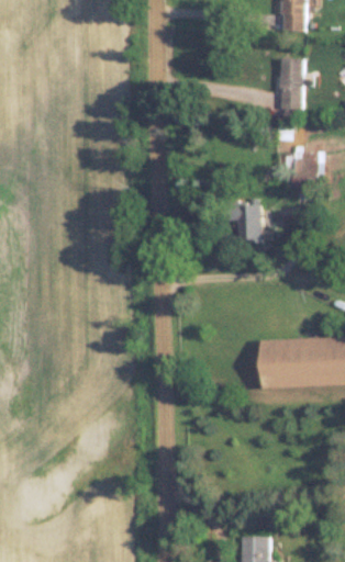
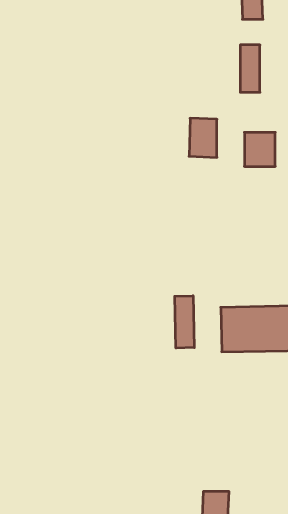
building: [231,202,260,244] -> [189,118,217,157]
building: none -> [175,296,194,348]

